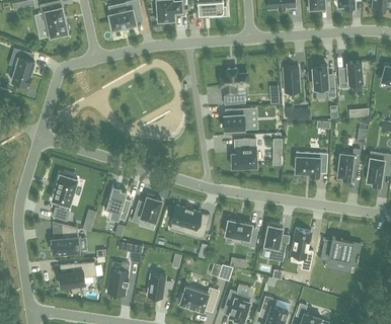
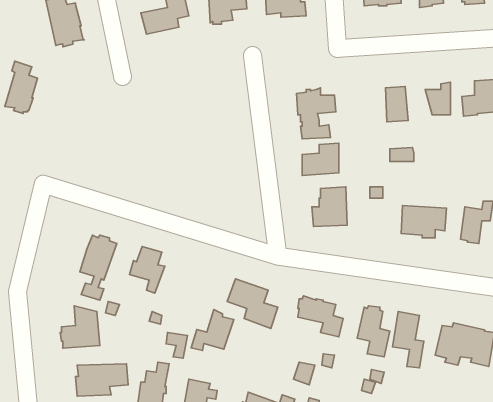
building: [131,193,161,223] -> [191,310,234,351]

